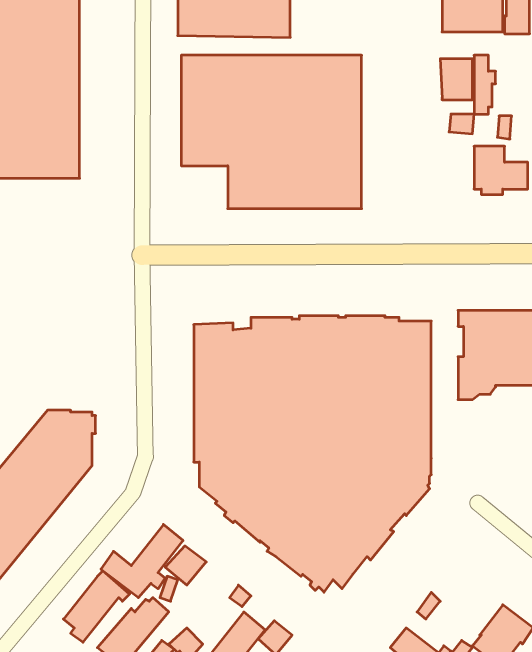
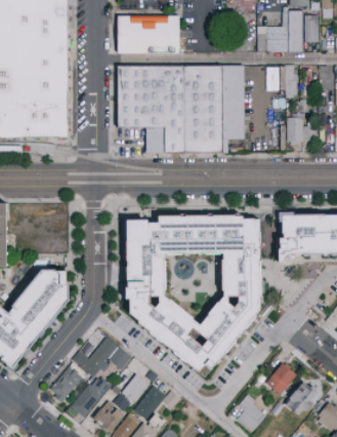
building: none -> [222,66,244,153]
building: none -> [265,363,296,397]
building: none -> [121,373,149,402]

